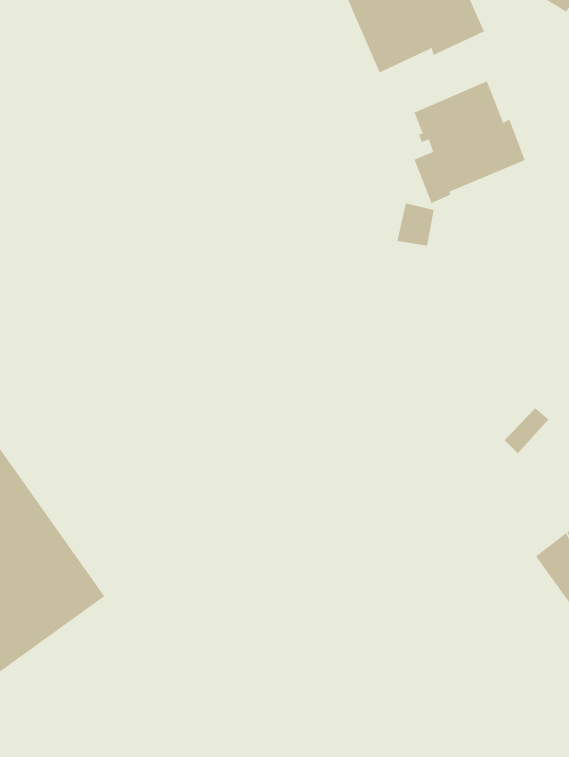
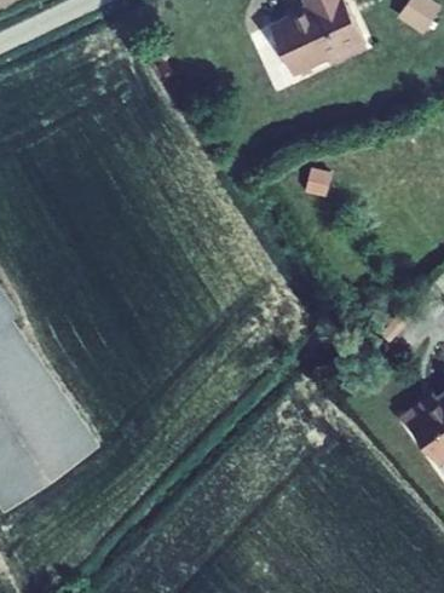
building: [414,80,526,204] -> none

